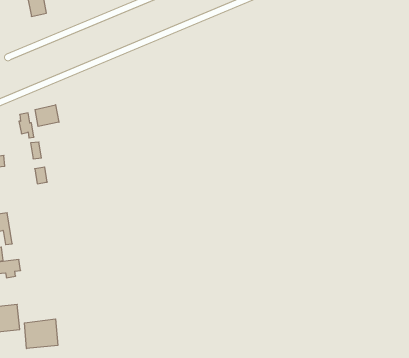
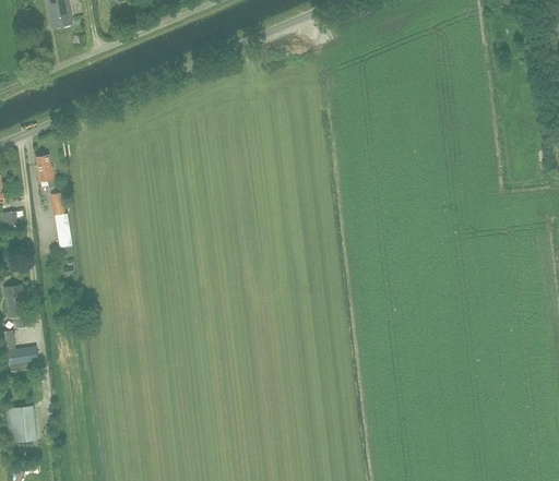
building: [35,105,59,126] -> none
building: [24,319,58,349] -> none

